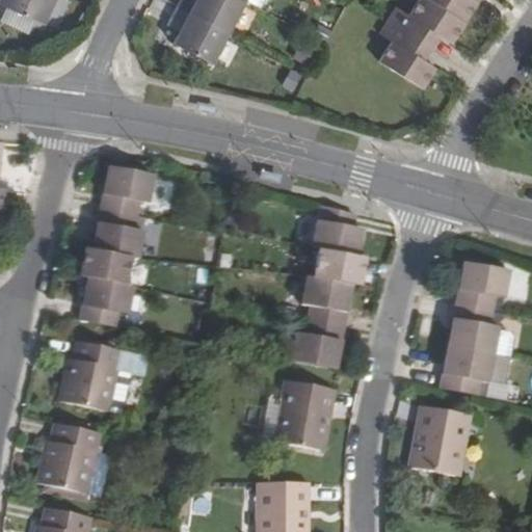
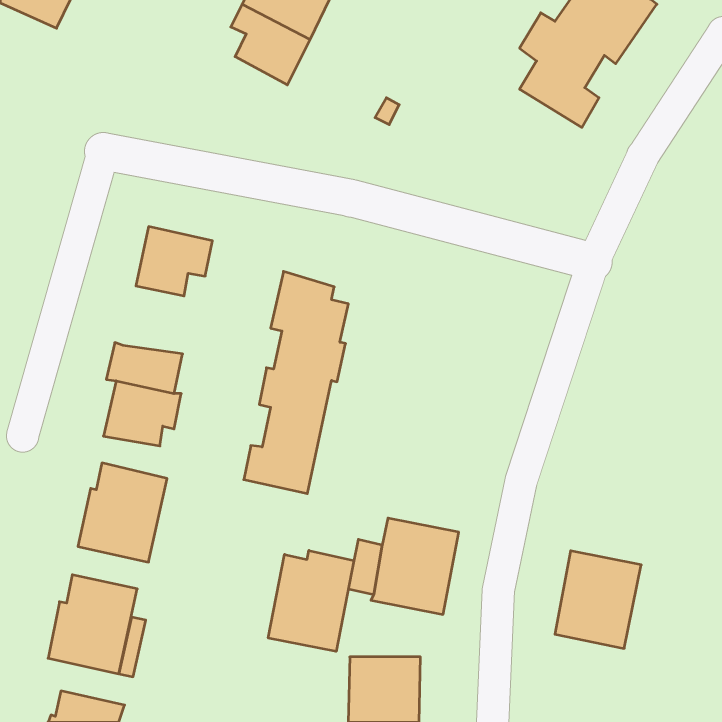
building: [288,205,365,368] -> [244,271,348,494]
building: [91,210,145,261] -> none
building: [437,259,508,394] -> none
building: none -> [268,550,354,651]

